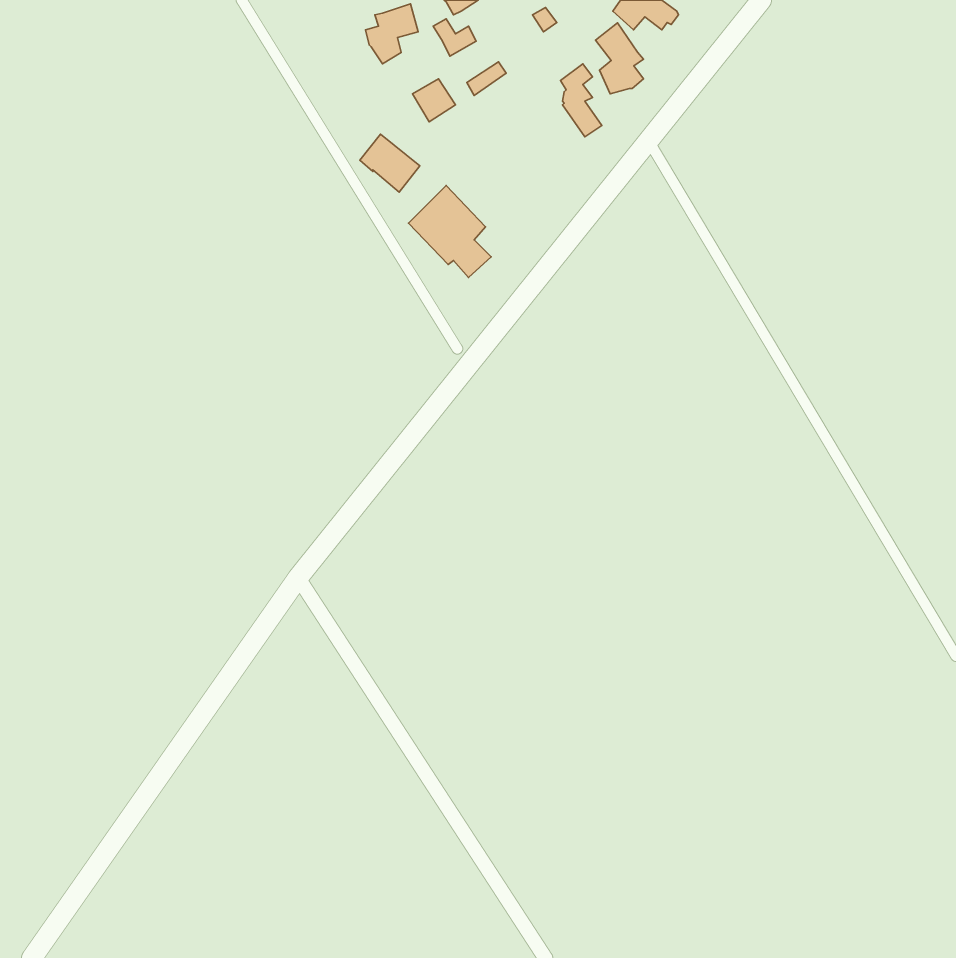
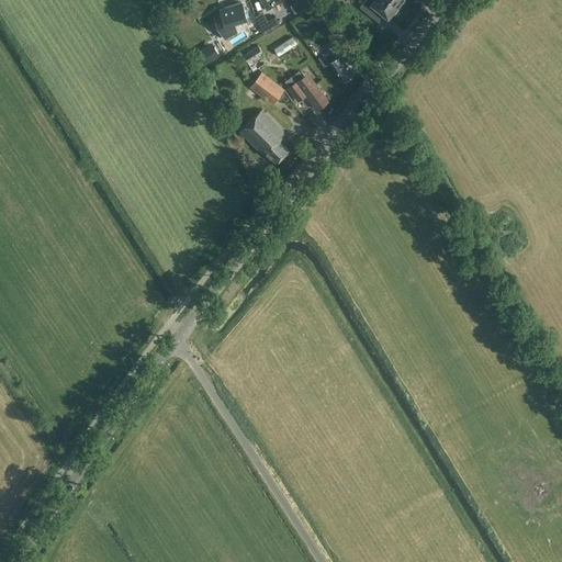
building: [596,23,644,94] -> none
building: none -> [288,76,327,109]
building: [360,134,420,192] -> [248,71,283,105]

